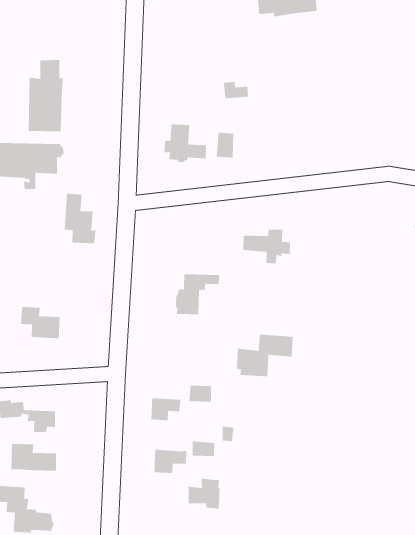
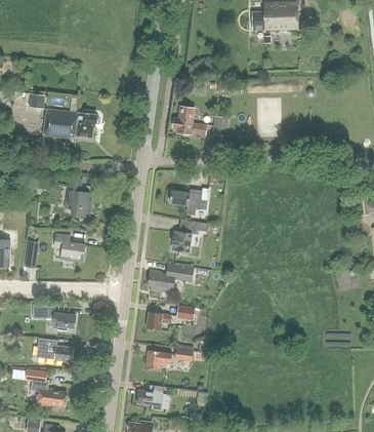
building: [28,59,63,132] -> none
building: [64,193,96,244] -> [67,176,91,217]
building: [243,229,291,264] -> [170,188,207,214]
building: [236,334,293,377] -> [149,261,194,293]
building: [188,478,220,509] -> [137,385,163,409]

